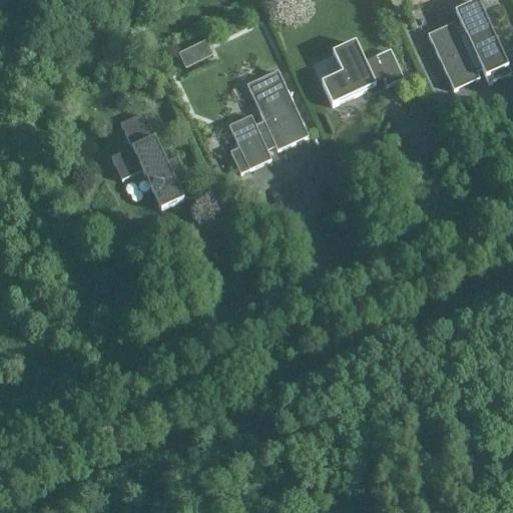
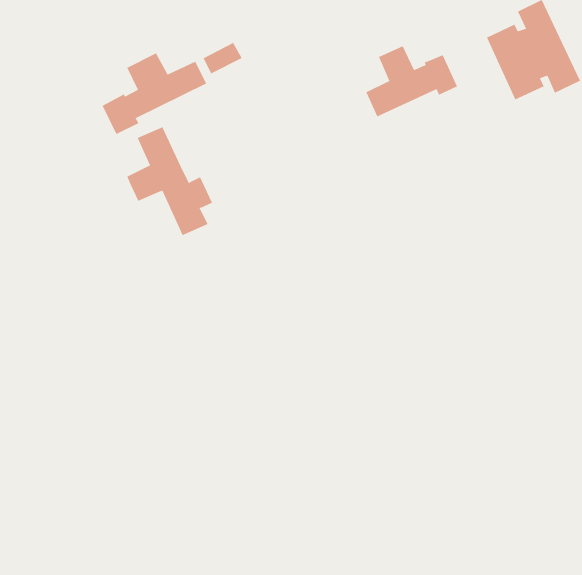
building: none -> [102,53,207,135]
building: [228,69,308,171] -> none

